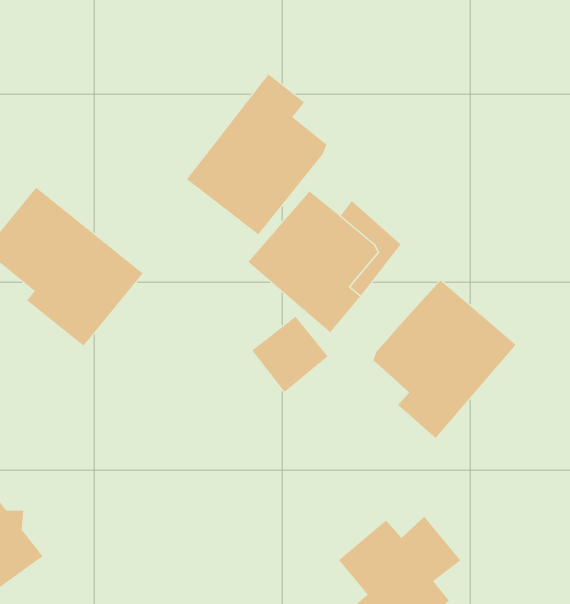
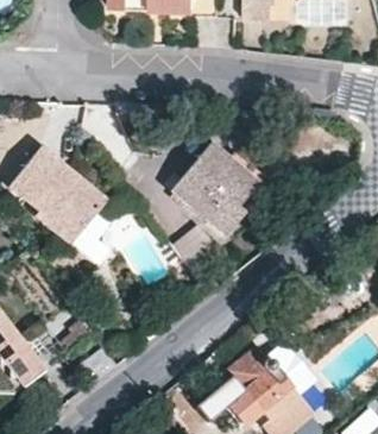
building: [186,73,327,235] -> none
building: [373,279,516,439] -> none

